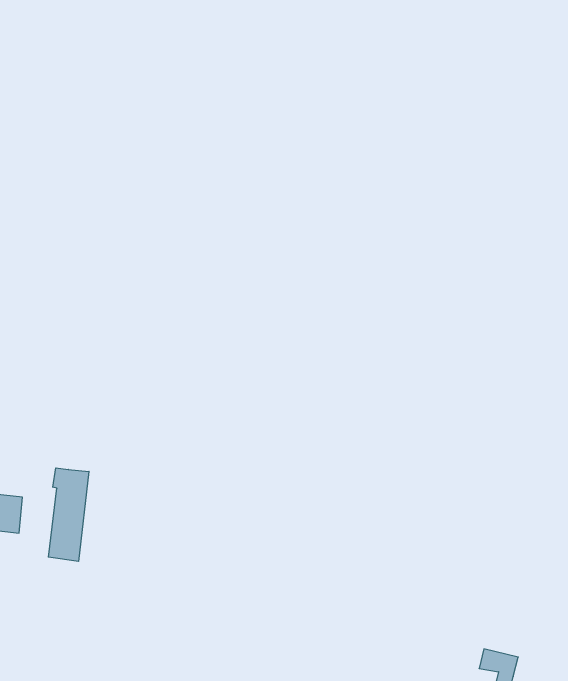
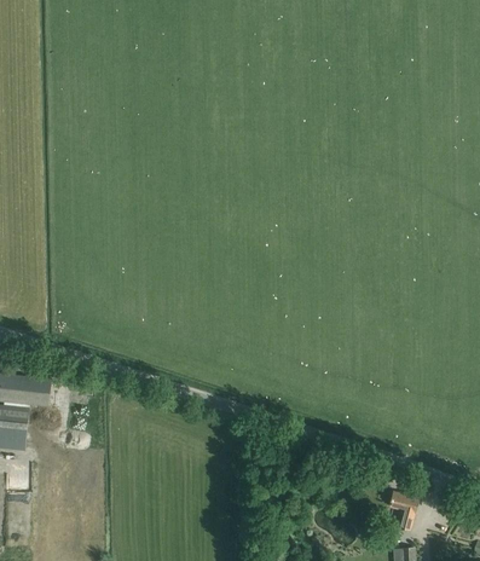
building: [48,468,89,561] -> none

